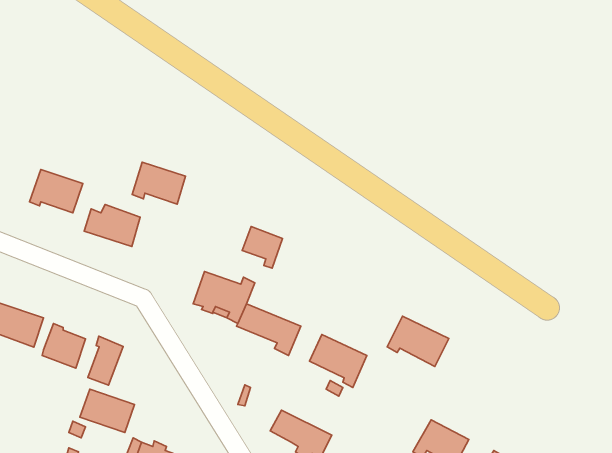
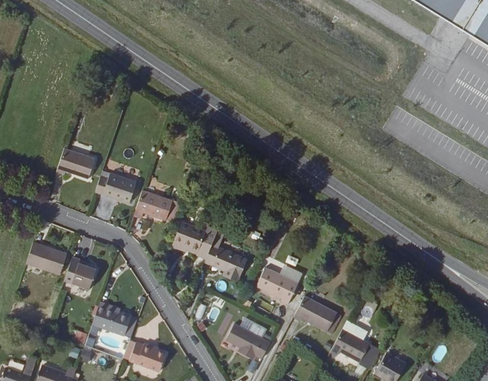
building: [132,162,185,204] -> [134,190,172,220]
building: [242,226,282,268] -> none
building: [387,316,449,366] -> [294,294,338,330]
building: [88,336,123,385] -> none

